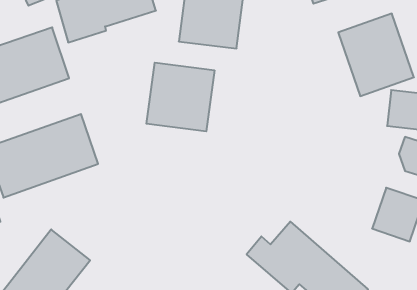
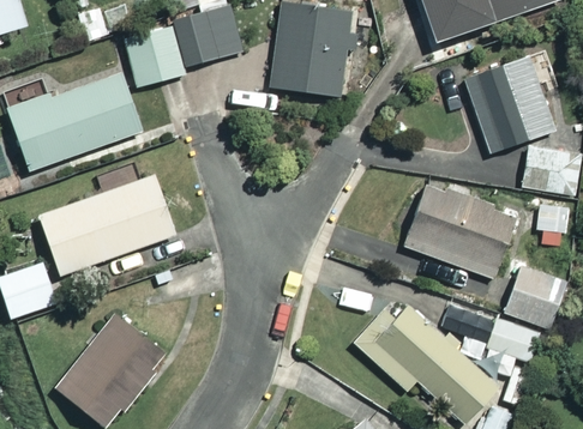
building: [146,63,214,131] -> none
building: none -> [402,183,515,278]
building: none -> [443,304,541,369]

